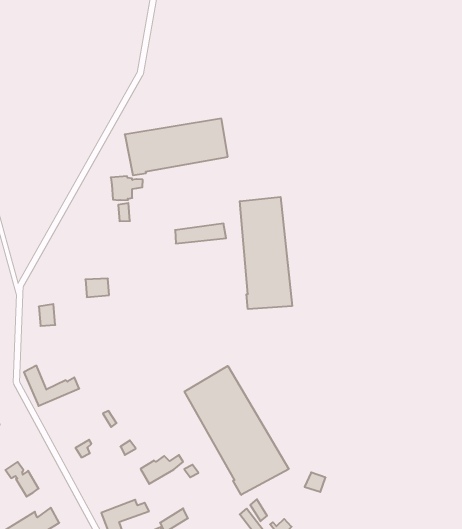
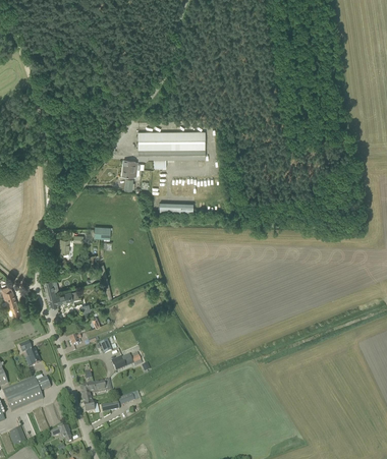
building: [240,197,292,309] -> none
building: [185,366,289,495] -> none

